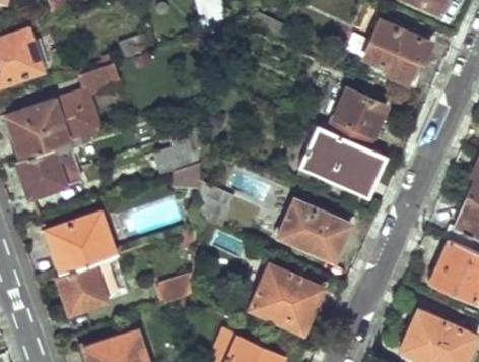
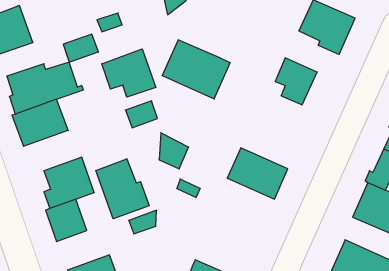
building: none -> [102,49,156,97]
building: [298,126,381,197] -> [162,40,230,99]
building: none -> [96,159,149,219]
building: [252,263,324,327] -> none

